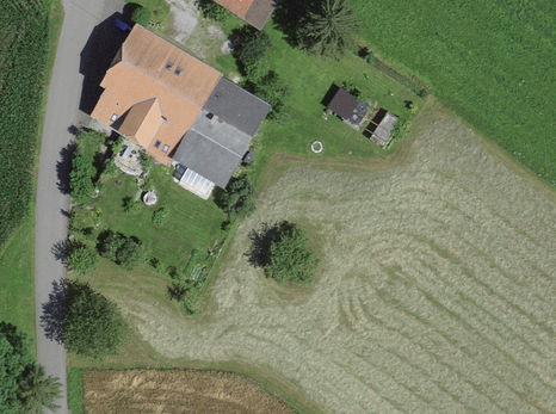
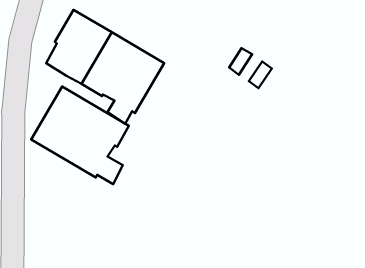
building: none -> [31,86,129,184]

